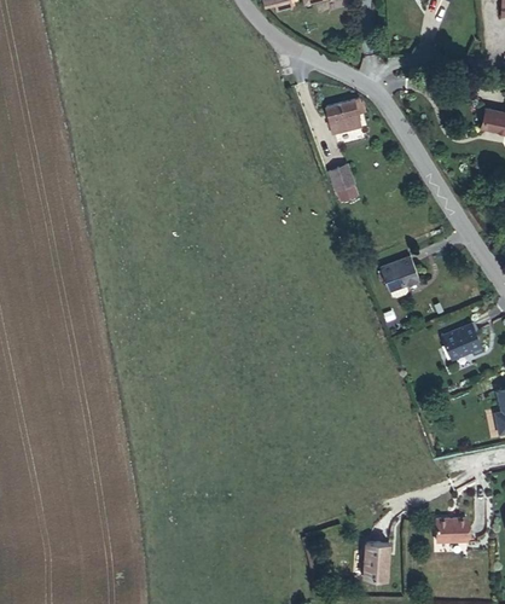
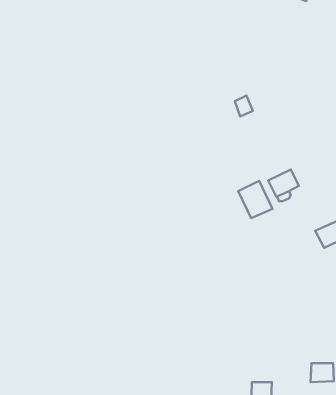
building: [327,97,371,130] -> none
building: none -> [238,181,273,218]

